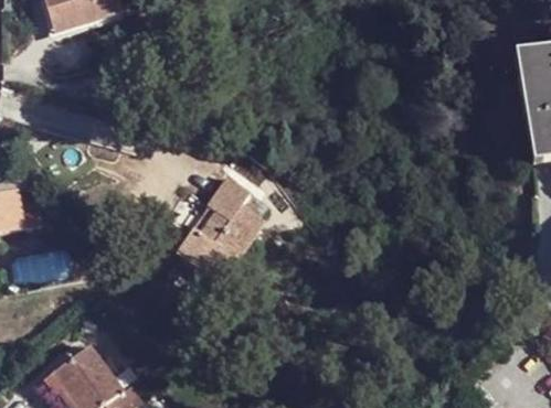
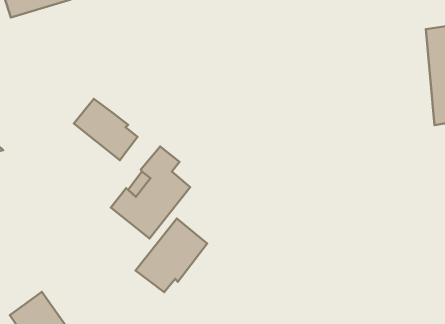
building: none -> [74,99,138,160]
building: none -> [136,219,207,292]

